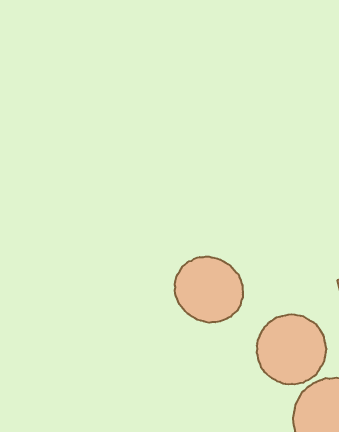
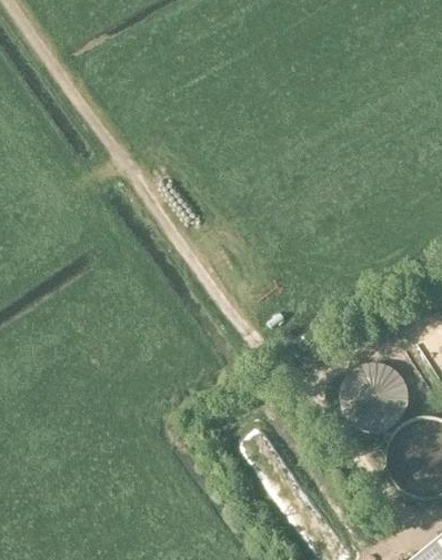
building: [175,257,243,323] -> none

